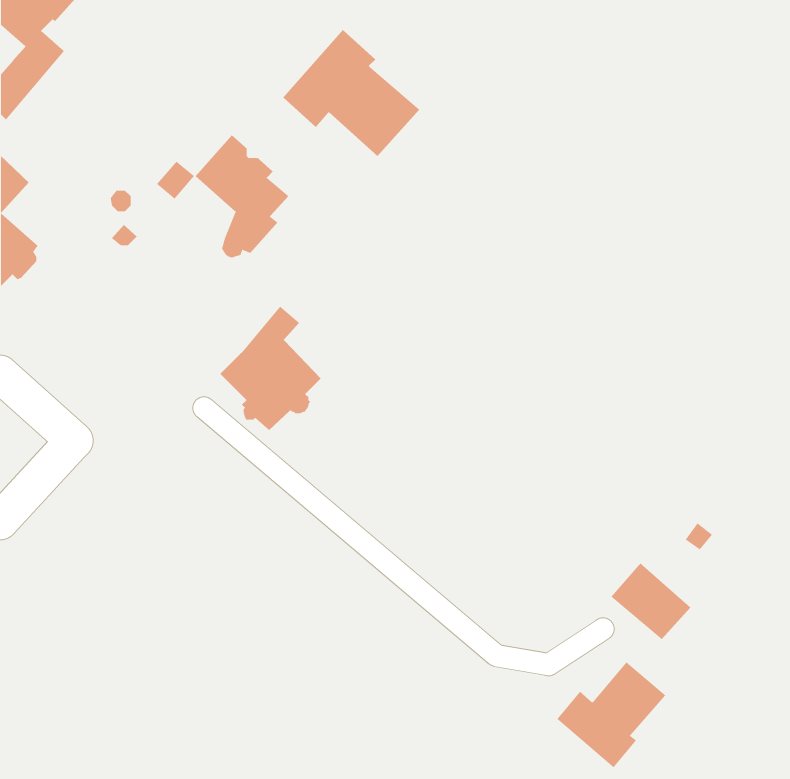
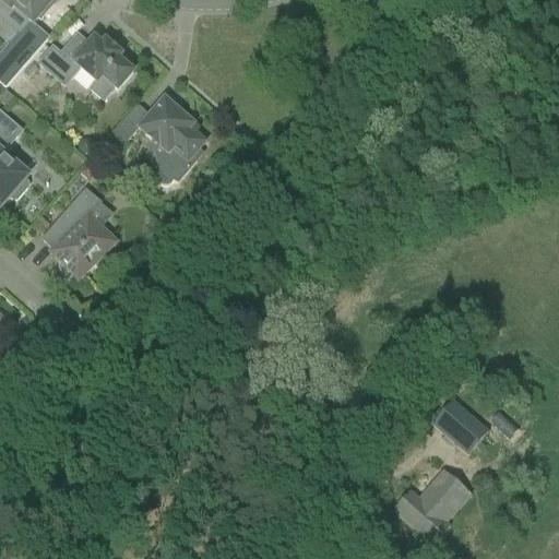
building: [283,29,420,157] -> none
building: none -> [37,31,132,97]
building: [220,306,322,431] -> [43,188,115,276]

